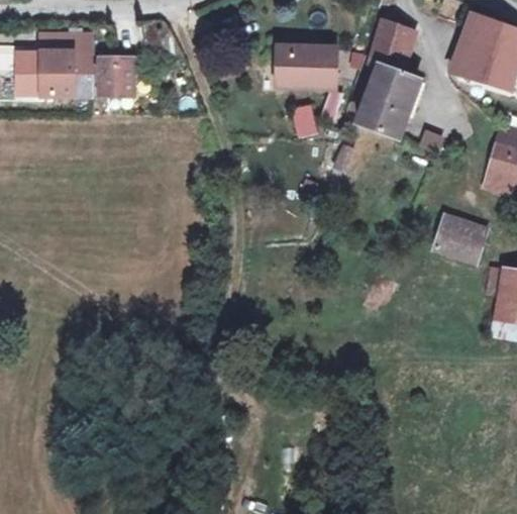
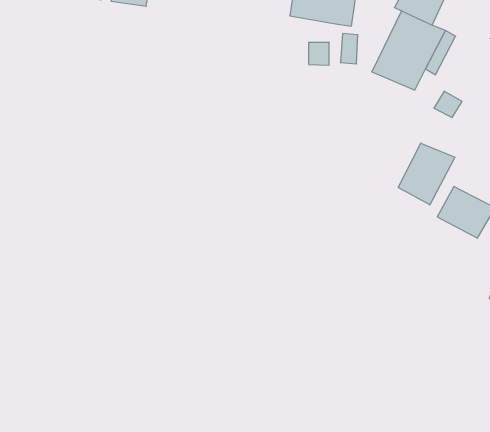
building: none -> [398,143,455,205]

